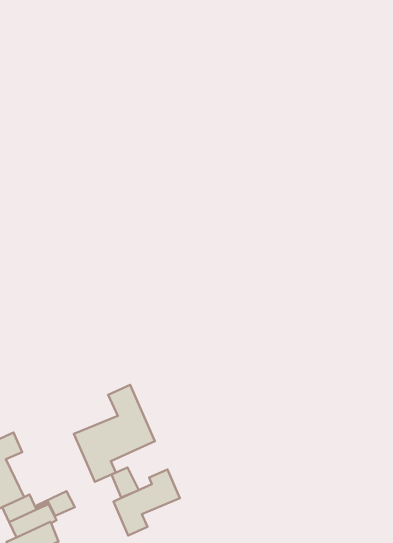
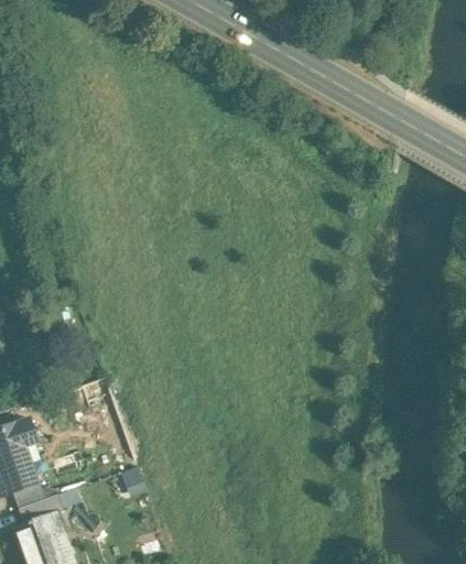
building: [74,385,155,482] -> none
building: [113,469,180,535] -> none

